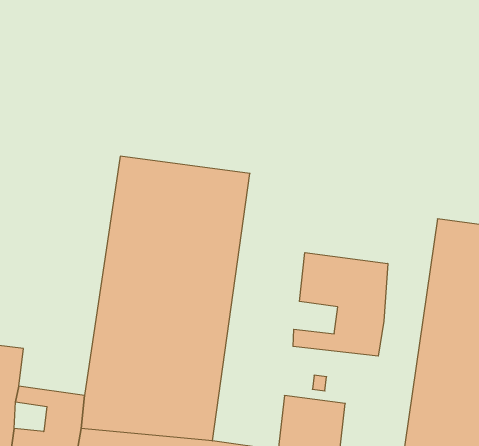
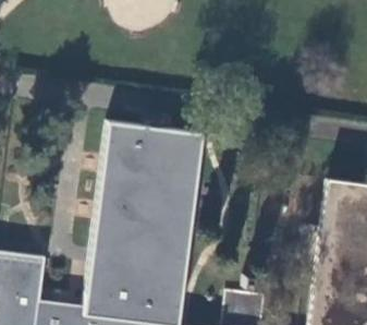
building: [293,253,388,356] -> none

